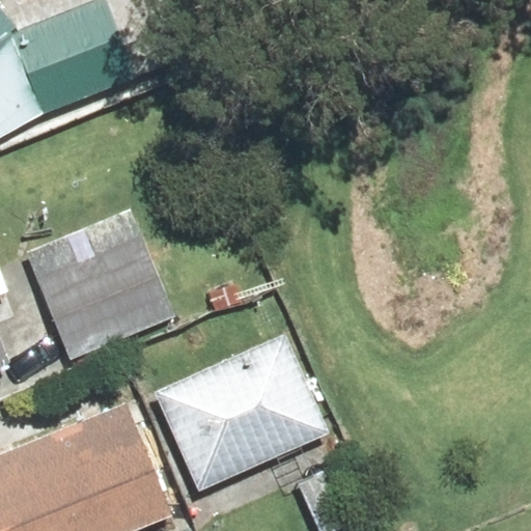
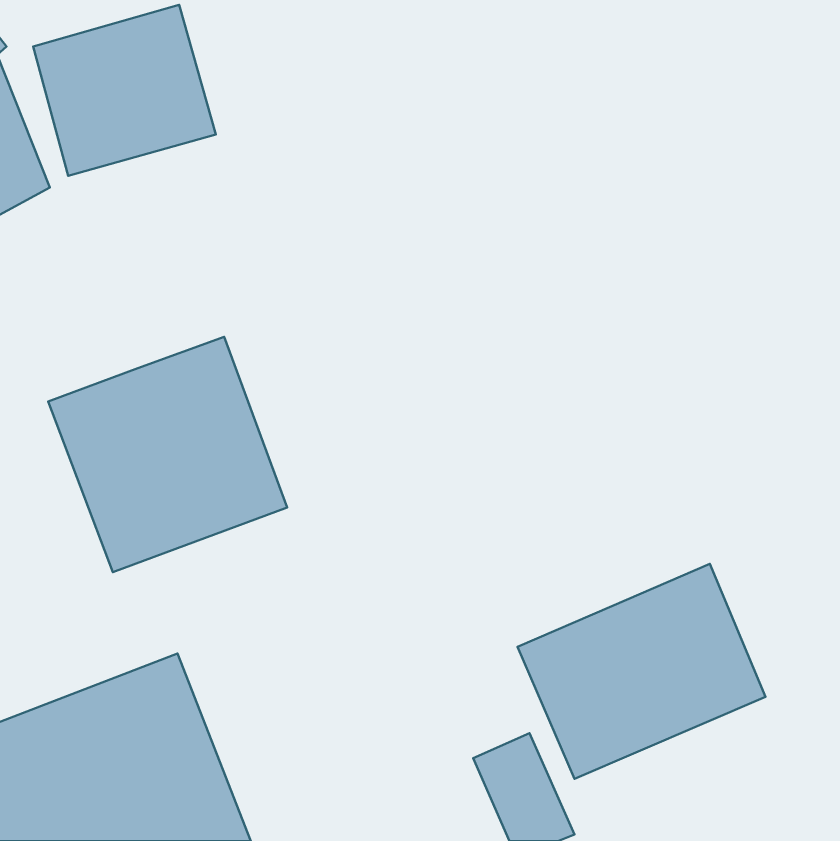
building: [144,337,323,496] -> none
building: none -> [517,564,766,779]

